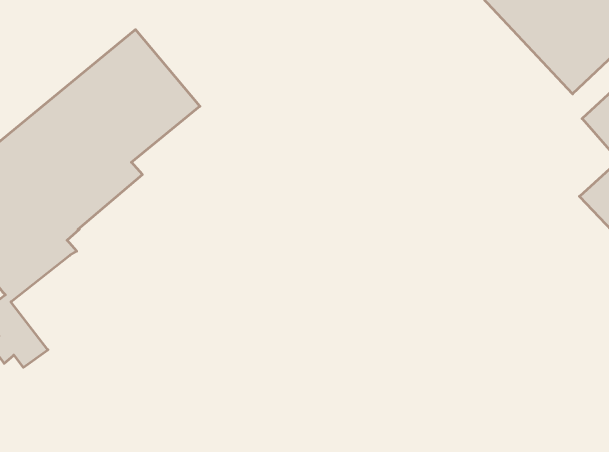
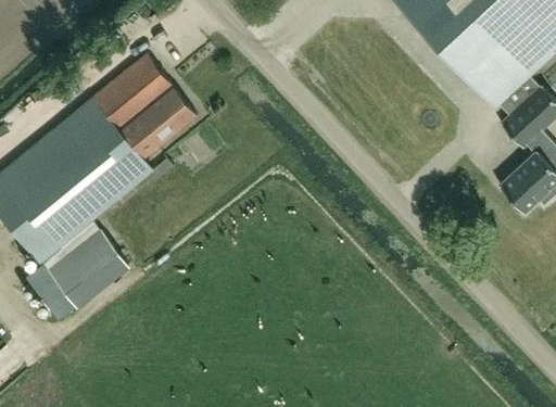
building: none -> [48,231,124,306]

